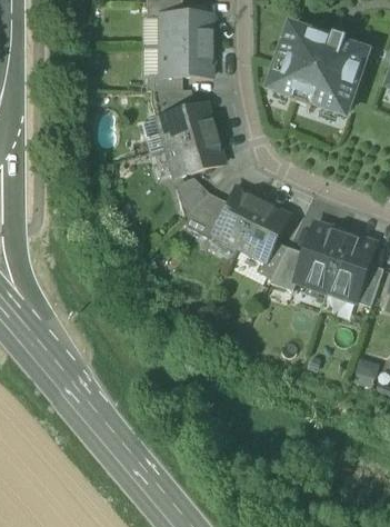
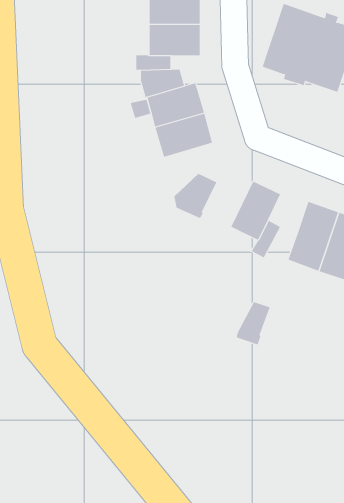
building: [176,177,208,216] -> none
building: [212,186,262,246] -> none
building: [272,246,307,289] -> [236,302,270,345]

